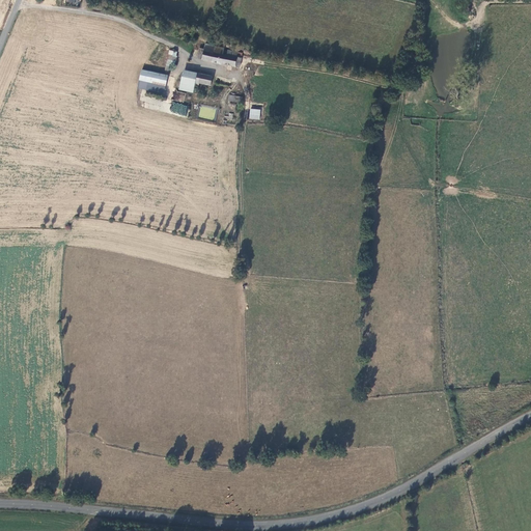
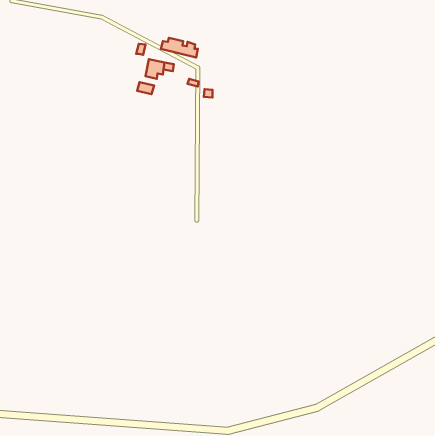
building: [138,73,168,93] -> none

